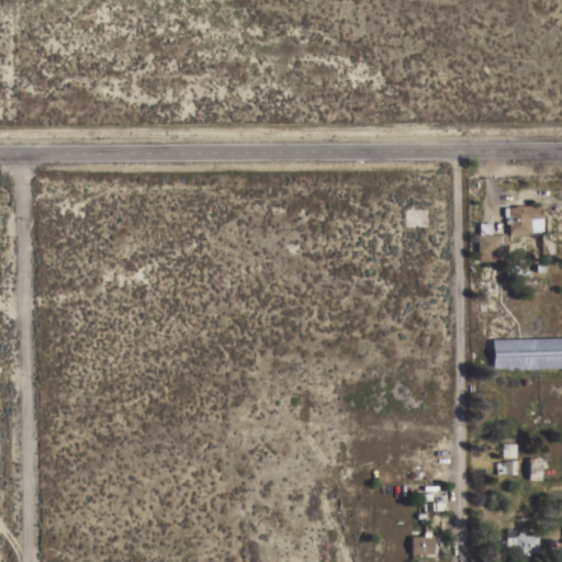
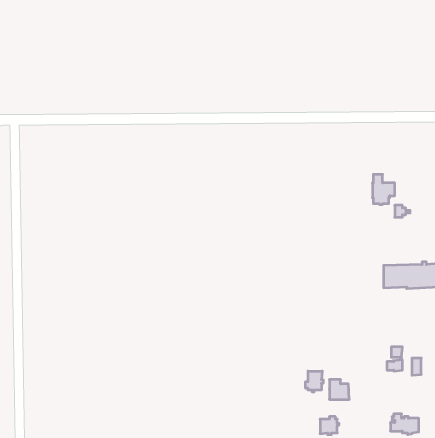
building: [507,206,546,235] -> none
building: none -> [306,371,323,392]

